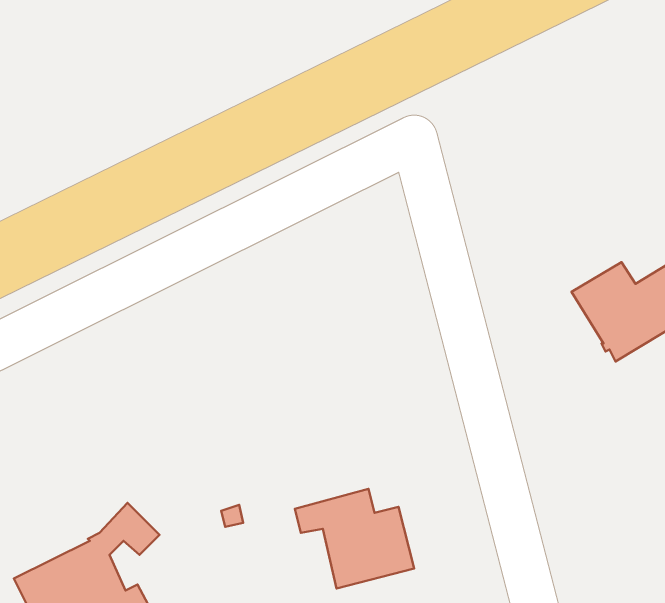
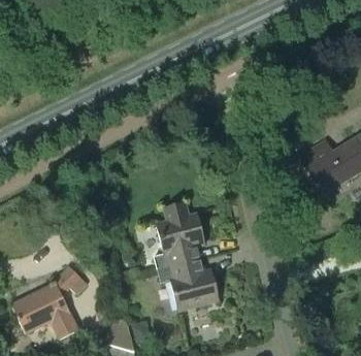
building: none -> [154,200,204,269]

